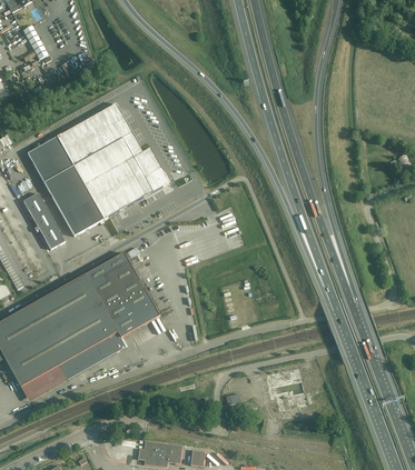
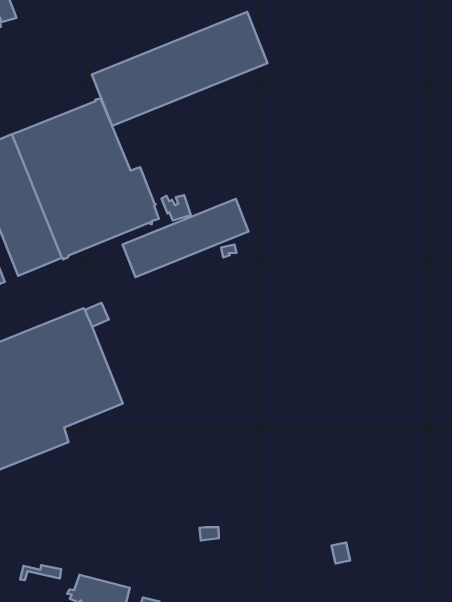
building: none -> [92,12,267,126]
building: none -> [122,199,249,277]

